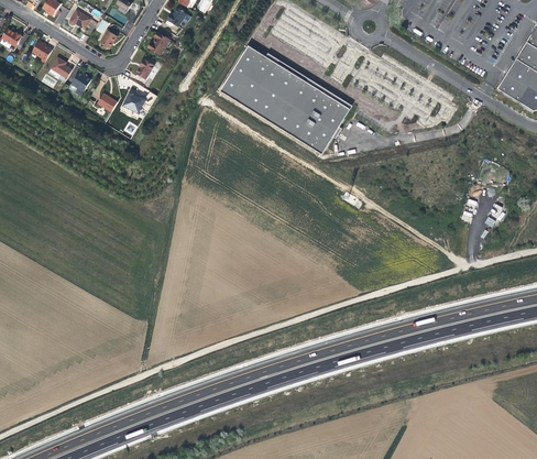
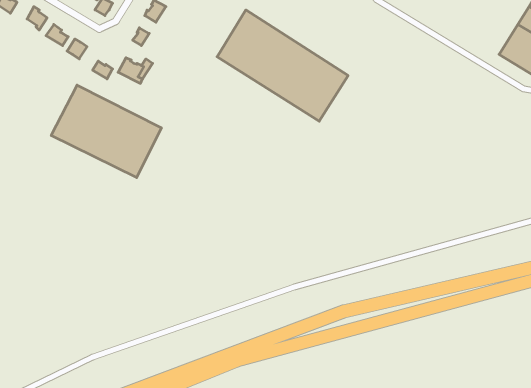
building: none -> [51,85,161,178]

